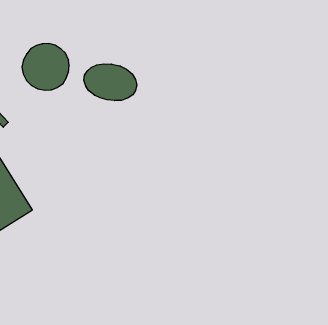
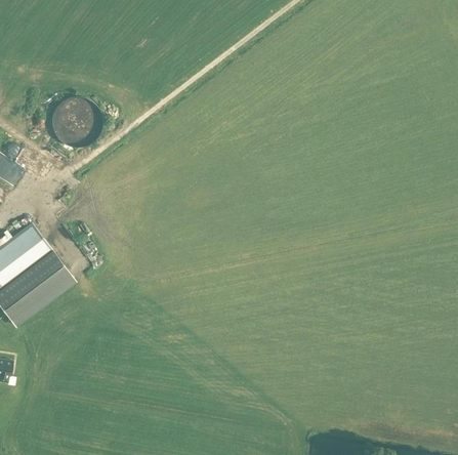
building: [84,64,137,101] -> none

